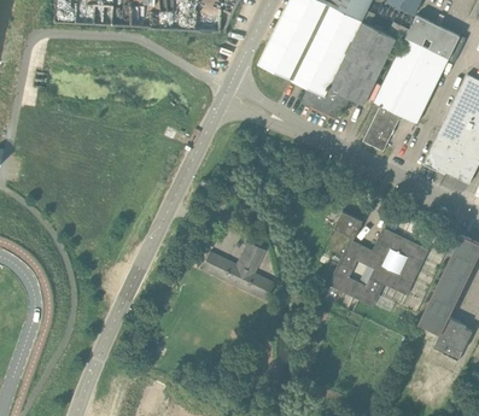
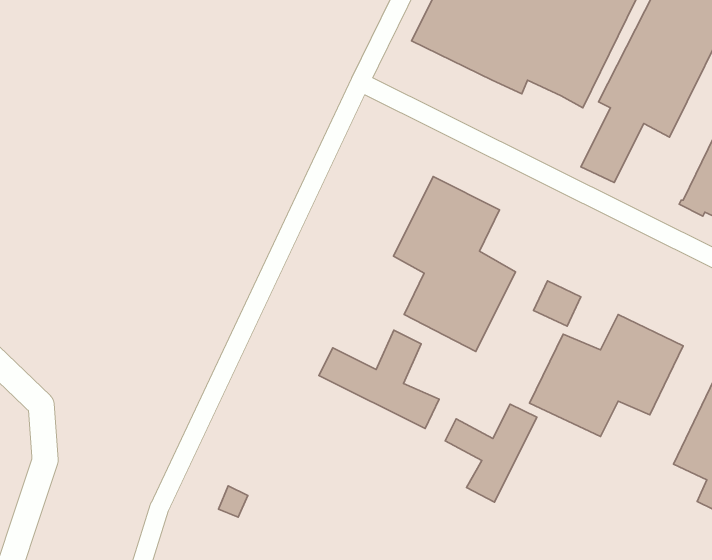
building: [300,88,350,119] -> none
building: none -> [393,177,515,352]
building: none -> [445,404,537,502]

